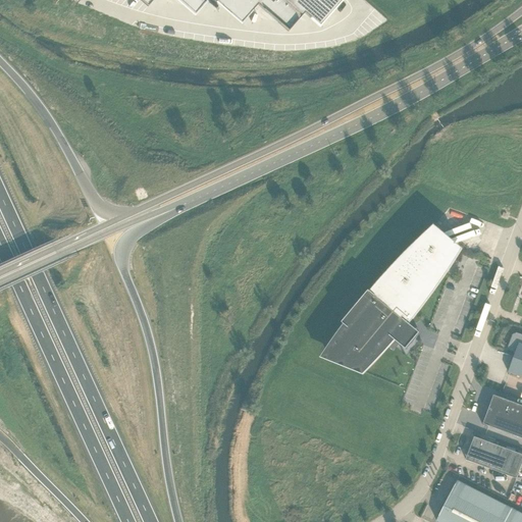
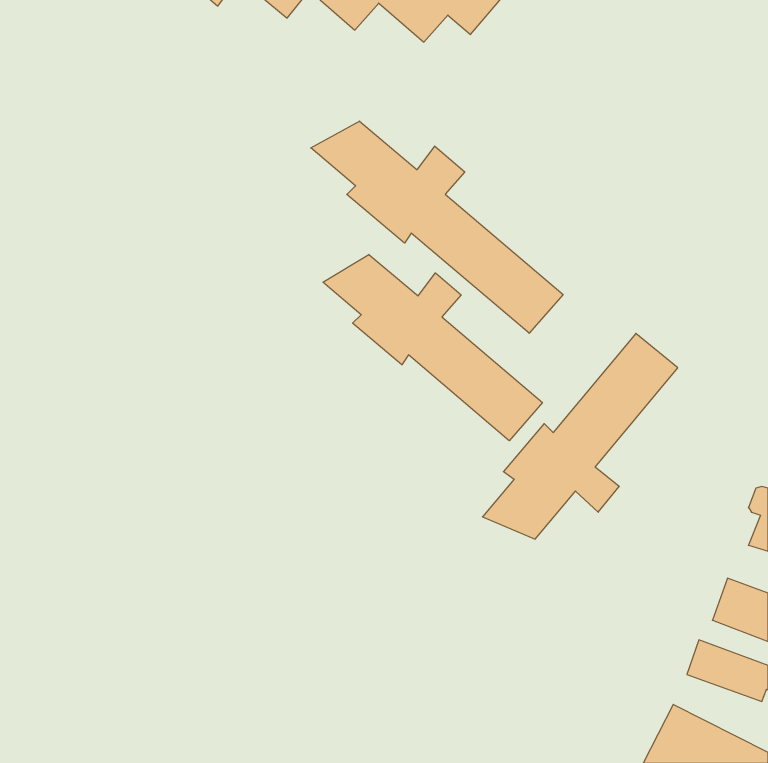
building: none -> [311,121,563,333]
building: none -> [323,254,542,441]

